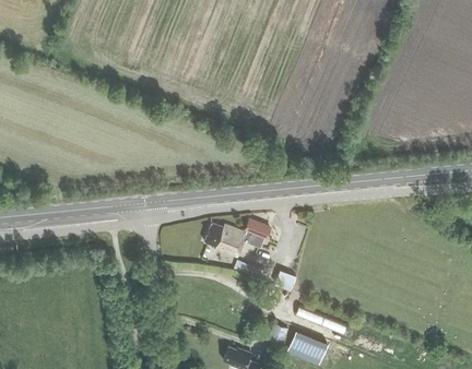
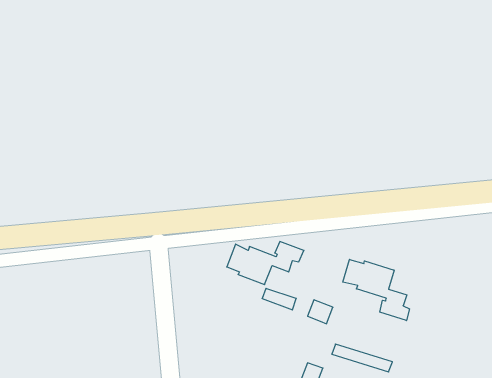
building: none -> [343,259,409,321]

